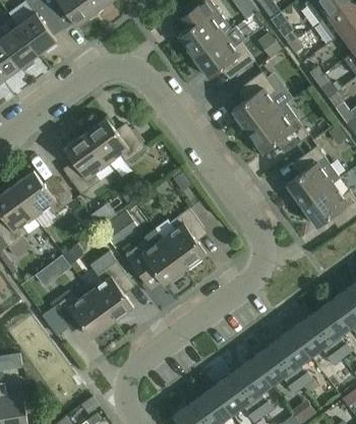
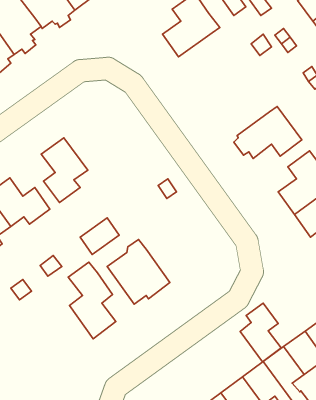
building: [192,36,254,79] -> none
building: [231,73,278,132] -> none
building: [84,119,144,165] -> none
building: [162,208,205,270] -> none
building: none -> [240,303,281,362]
building: [52,292,112,339] -> none

